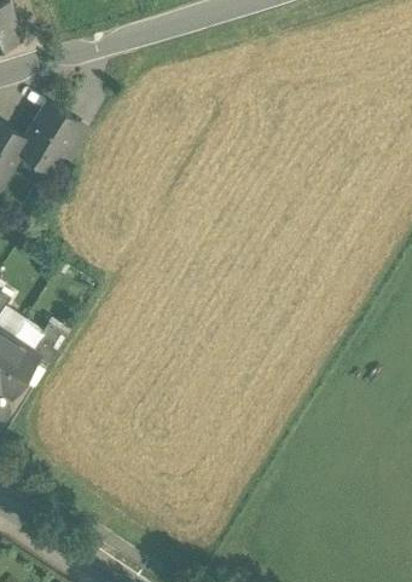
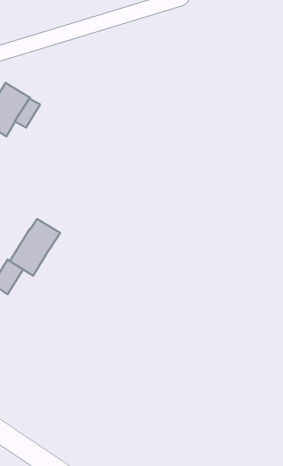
building: none -> [10,219,60,276]

